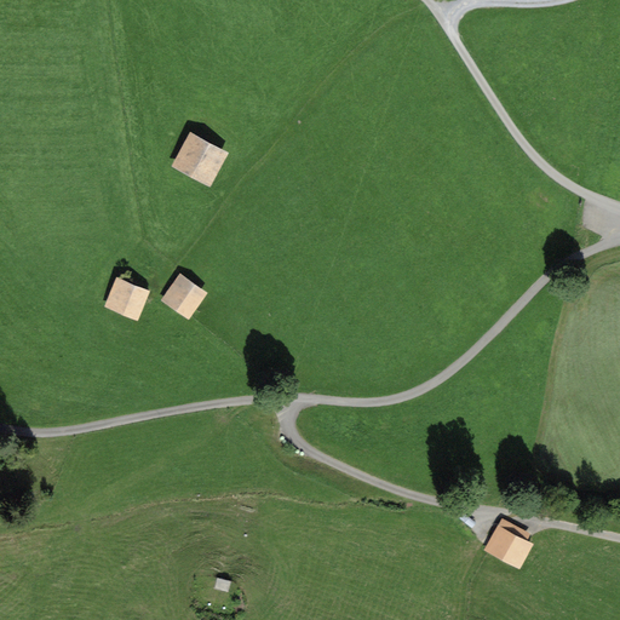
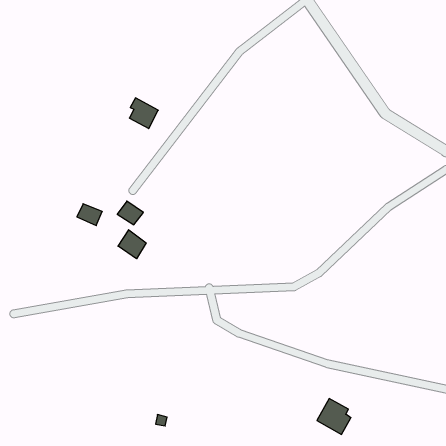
building: none -> [118,230,146,259]
building: [484,519,532,569] -> [317,399,351,434]

